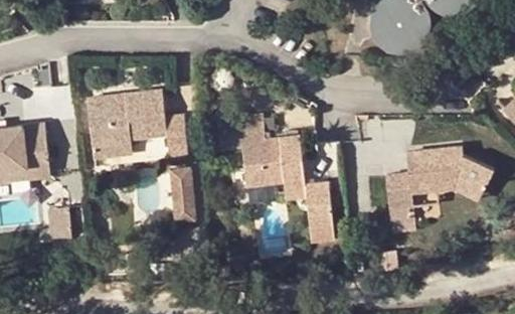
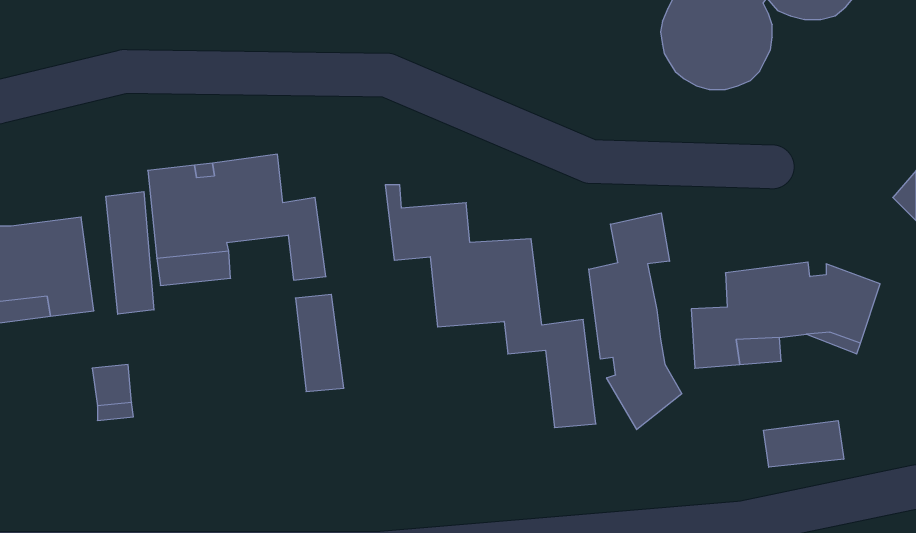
building: none -> [106,192,154,314]
building: none -> [589,213,682,430]
building: none -> [764,421,844,467]

